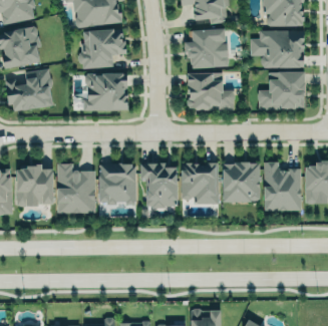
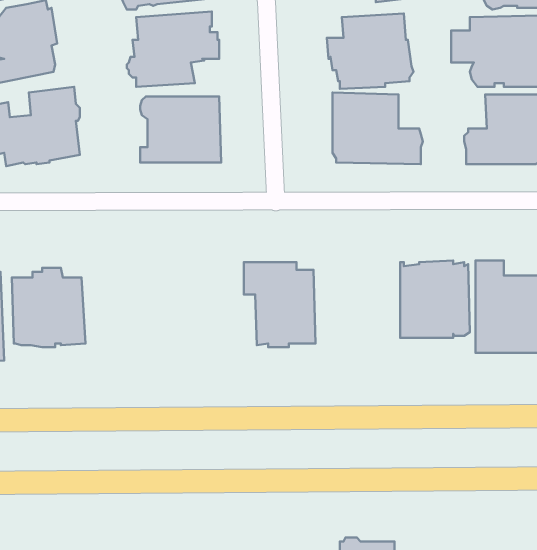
building: [181,161,219,205] -> none
building: [57,164,95,214] -> none
building: [99,164,136,206] -> none

